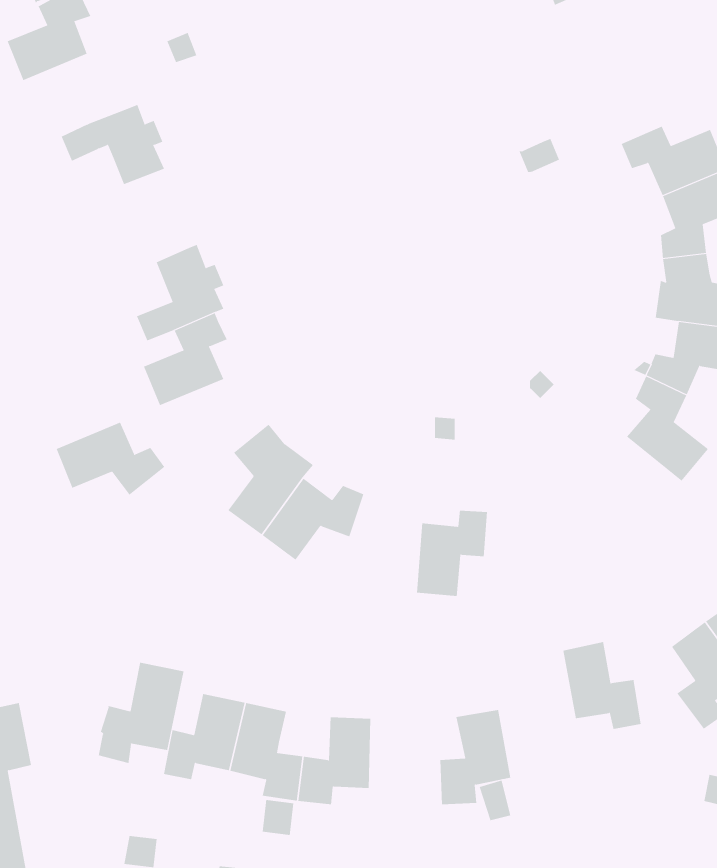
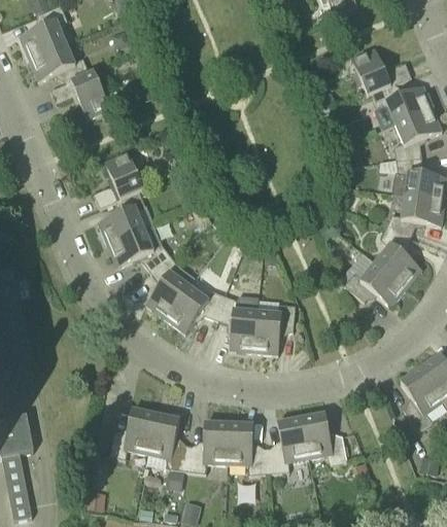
building: none -> [28,41,89,81]
building: none -> [351,47,411,94]
building: [56,422,165,496] -> [106,227,169,270]
building: none -> [343,260,406,306]
building: none -> [215,293,256,350]
building: [563,642,642,730] -> [301,412,346,462]
building: [98,662,184,764] -> none
building: none -> [227,422,268,473]

